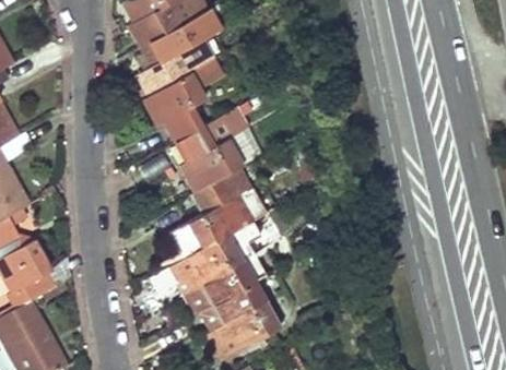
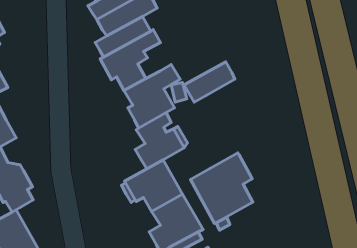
building: none -> [184,62,235,102]
building: none -> [191,153,253,224]

